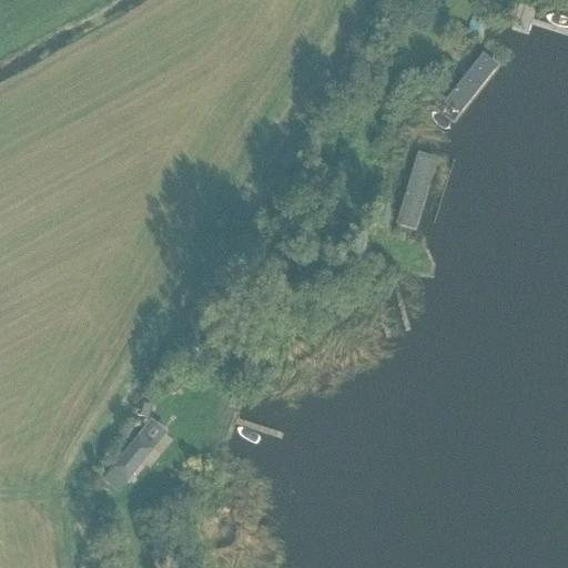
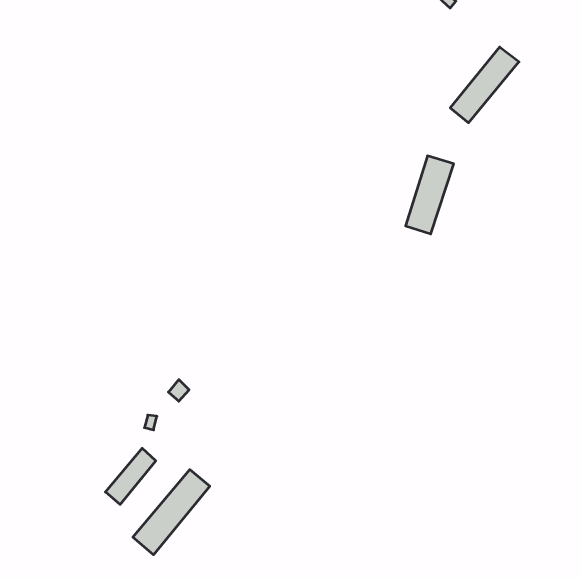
building: none -> [133,470,210,555]

